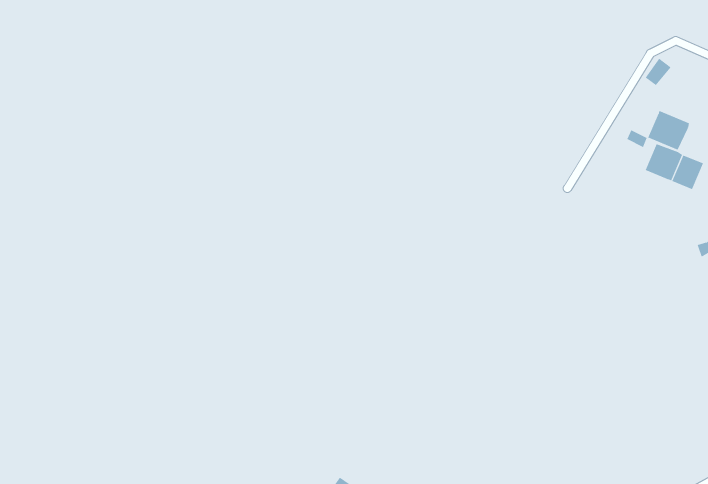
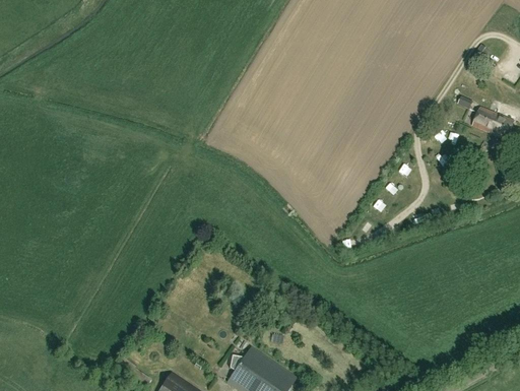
building: [648,110,689,151] -> none

